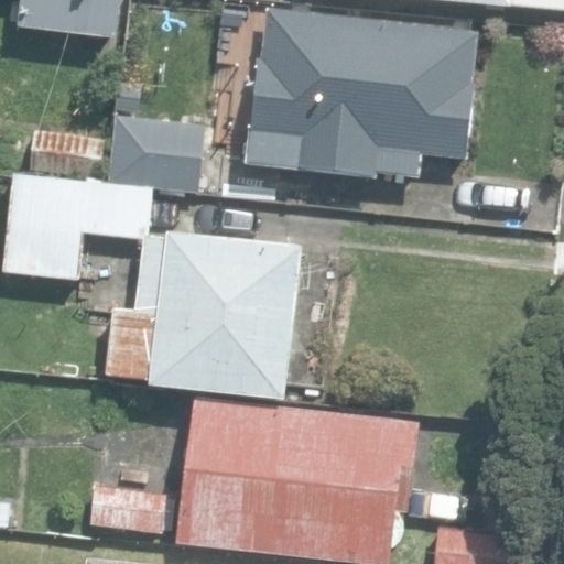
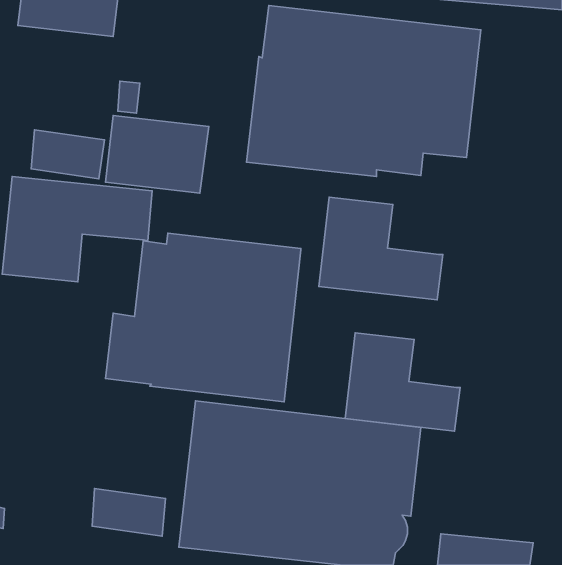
building: none -> [319,197,443,300]
building: none -> [345,333,460,431]

